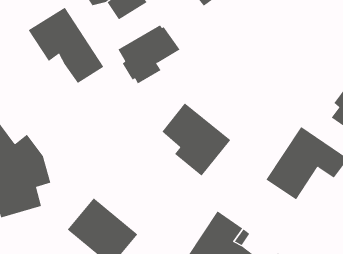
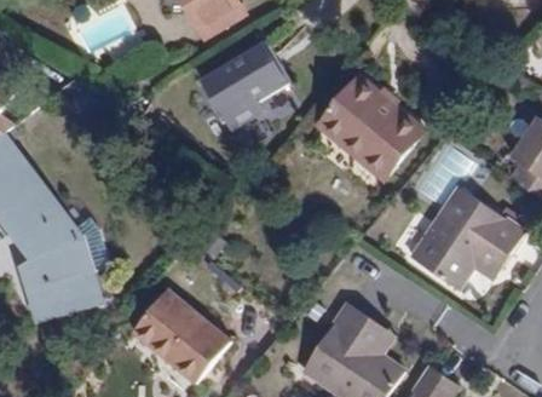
building: [28,7,104,84] -> none
building: [161,102,231,176] -> [327,74,425,178]

